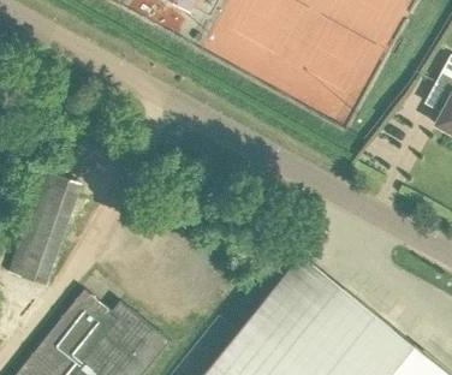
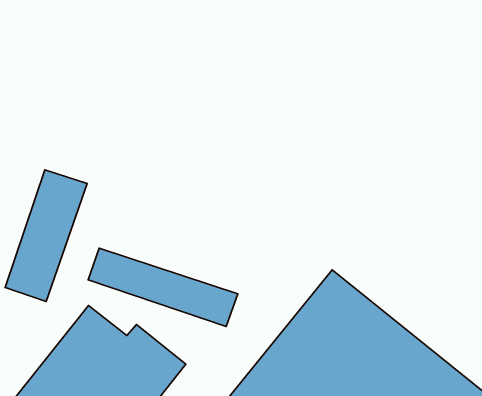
building: none -> [88,248,238,326]

